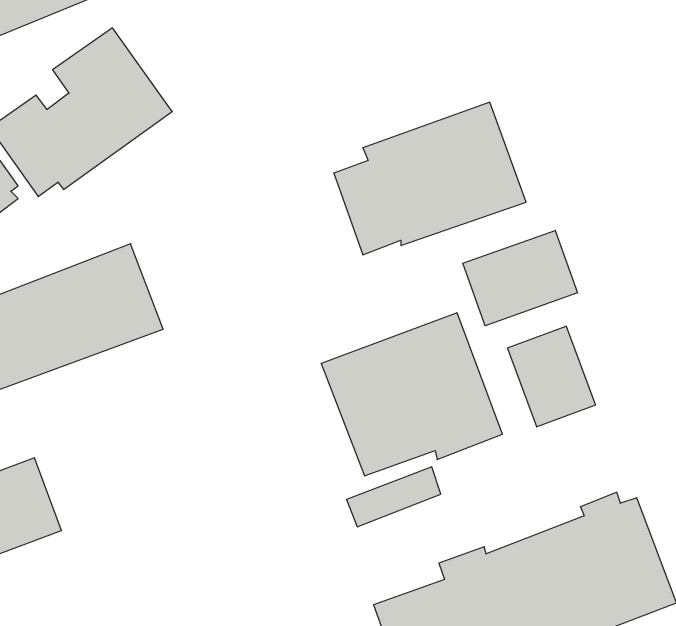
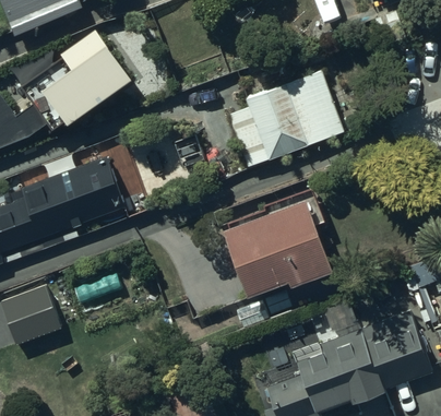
building: [463,230,578,326] -> none
building: [507,326,595,427] -> none

